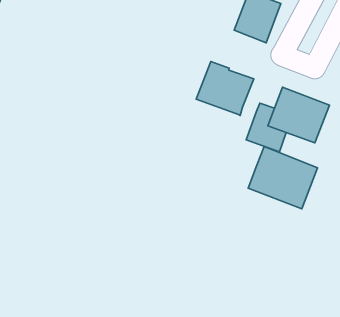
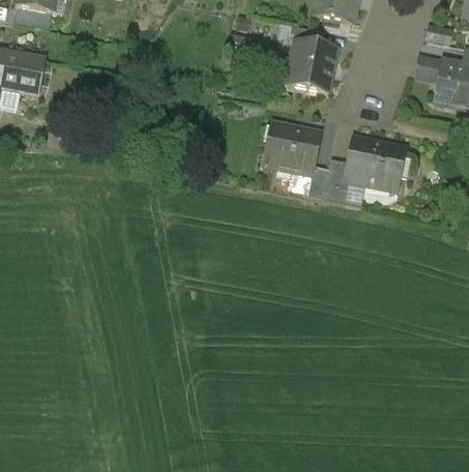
building: none -> [306,163,329,197]
building: [248,146,318,209] -> none

